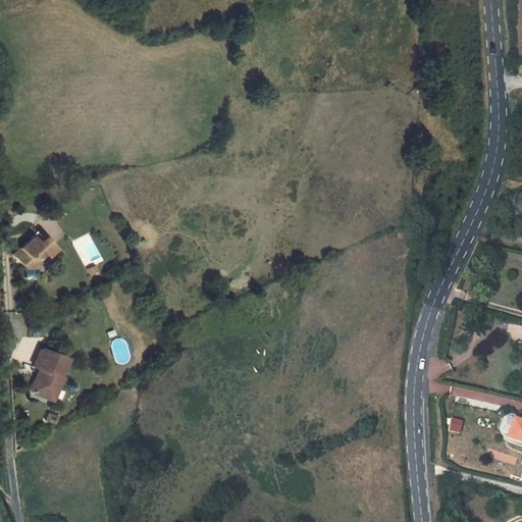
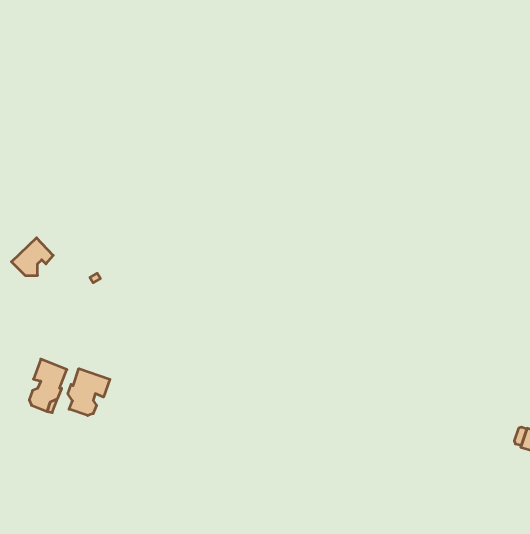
building: none -> [68,369,110,416]

